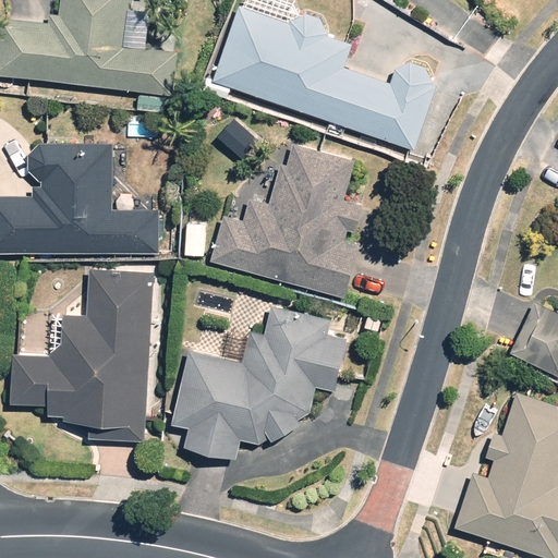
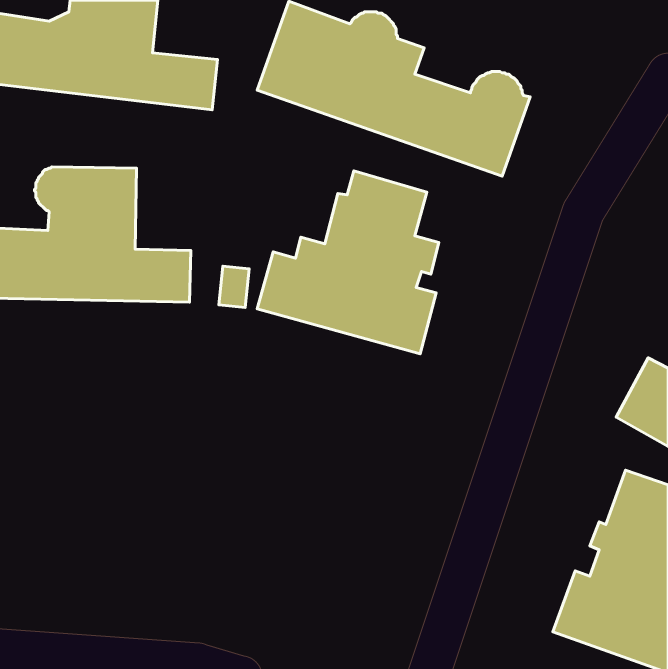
building: [10,268,153,444] -> none
building: [172,306,347,461] -> none

